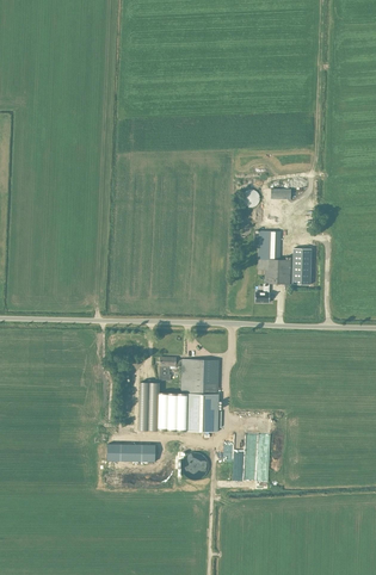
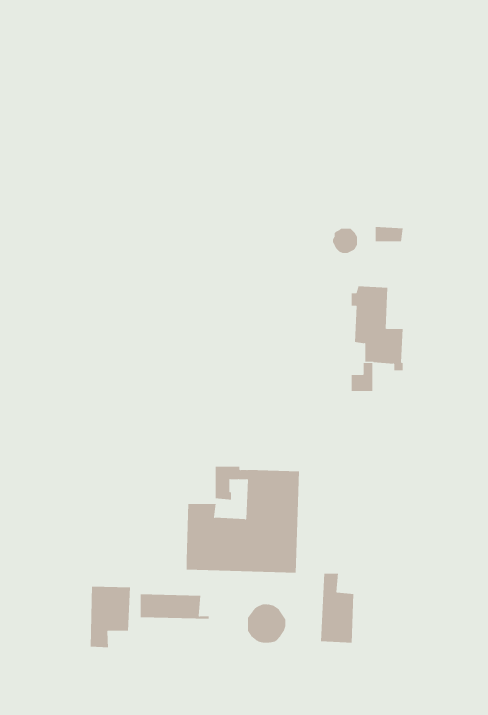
building: [296,247,315,284] -> none
building: none -> [90,586,130,648]

